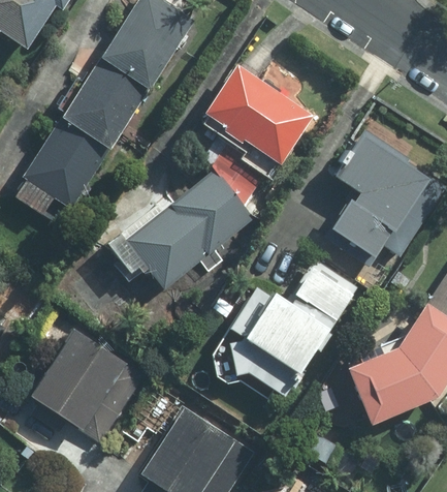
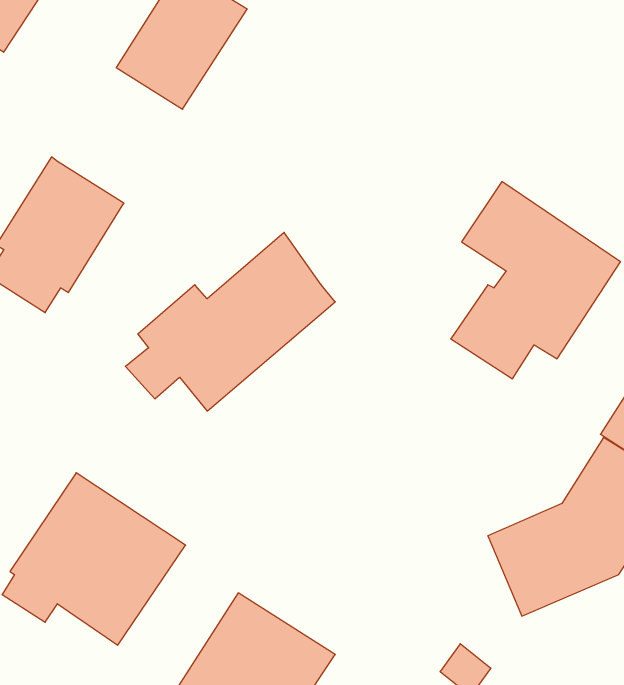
building: [64,56,148,147] -> none
building: [202,66,312,202] -> none
building: [229,258,357,399] -> none

